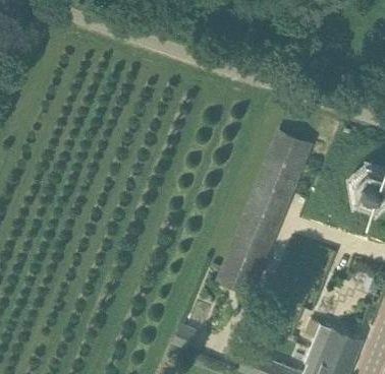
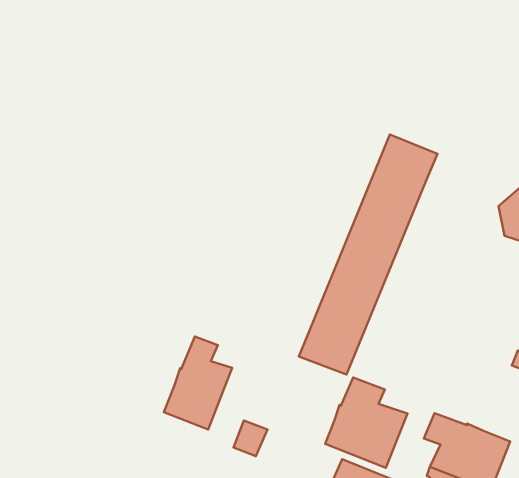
building: none -> [164,337,232,429]
building: none -> [325,377,407,468]

